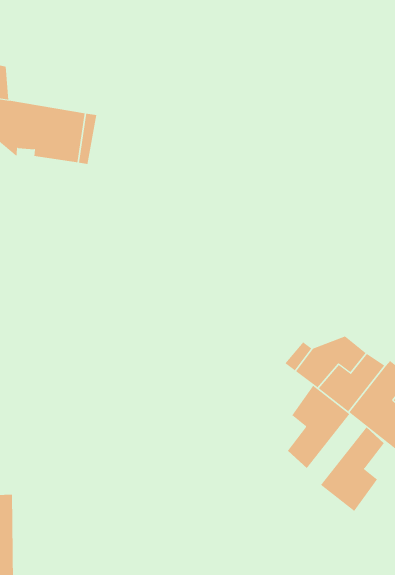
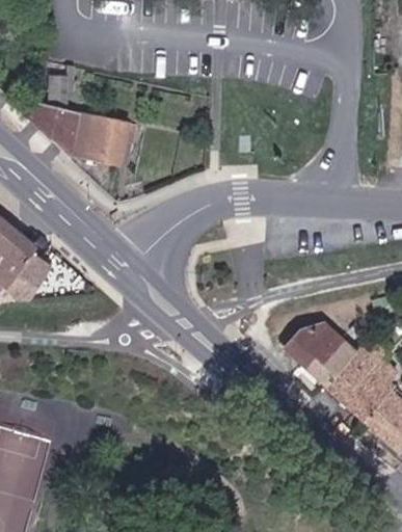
building: [287,385,350,469] -> none
building: [320,426,385,512] -> none

